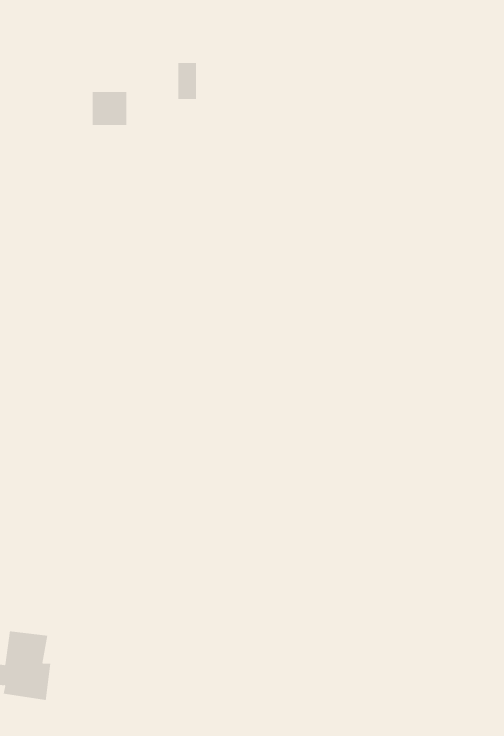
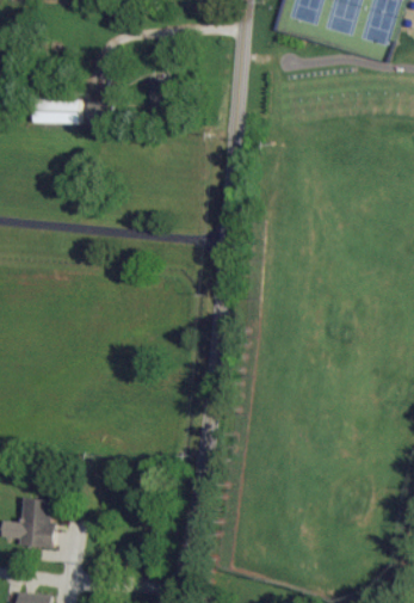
building: none -> [31,99,79,124]

